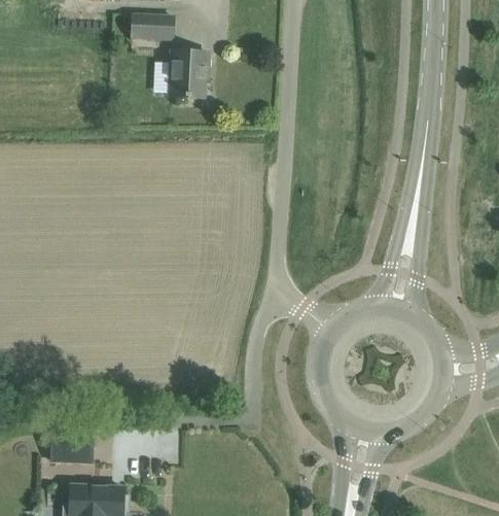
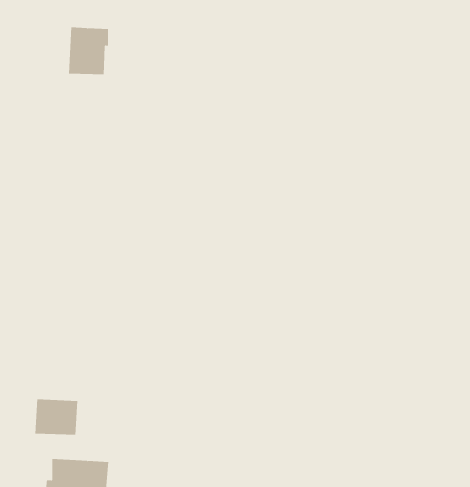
building: [170,50,209,97] -> [68,27,109,75]

